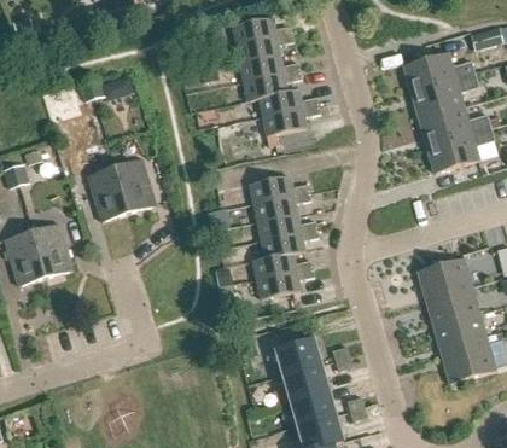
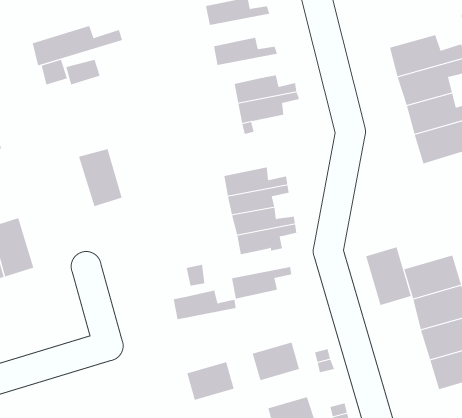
building: [235,34,293,64] -> none
building: none -> [32,25,123,66]
building: [243,71,301,101] -> none
building: [87,167,128,222] -> none
building: none -> [366,246,411,306]
building: [252,252,311,280] -> [173,290,236,320]
building: [282,365,327,401] -> [187,362,234,400]

